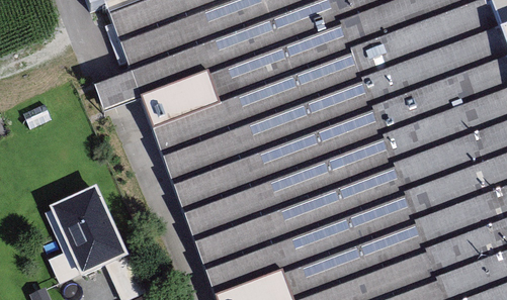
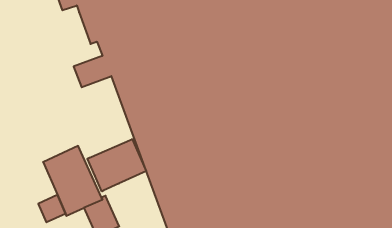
building: none -> [87,139,146,191]

